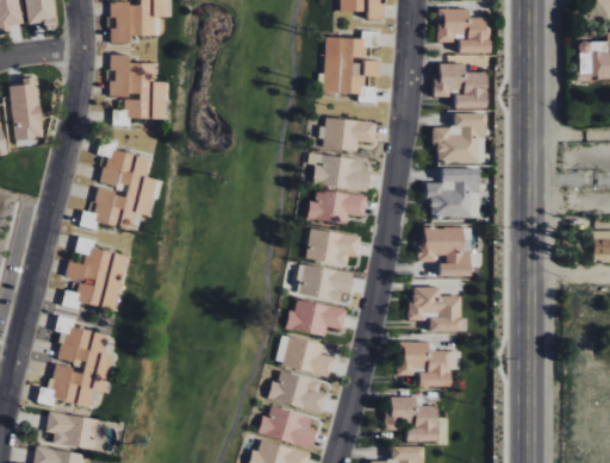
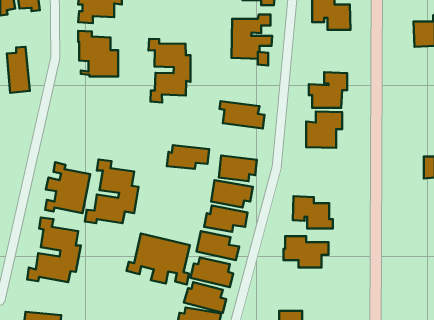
building: [434,62,487,108] -> none
building: none -> [149,39,191,102]
building: [322,118,376,150] -> none
building: [80,139,155,229] -> [85,160,139,223]
building: [307,189,367,223] -> [167,145,209,169]
building: [418,226,471,276] -> none
building: none -> [127,233,190,284]
building: [385,395,438,442] -> none
building: [45,411,106,450] -> none

